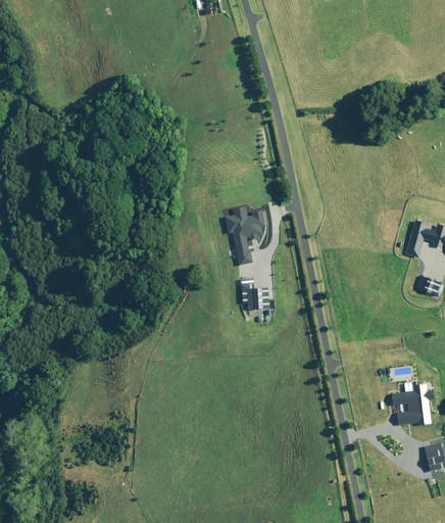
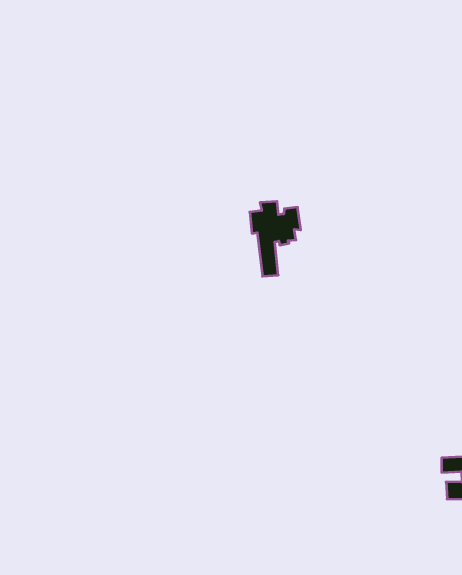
building: [242,284,269,308] -> none

